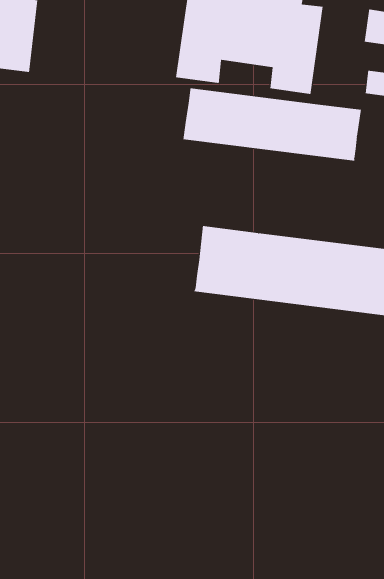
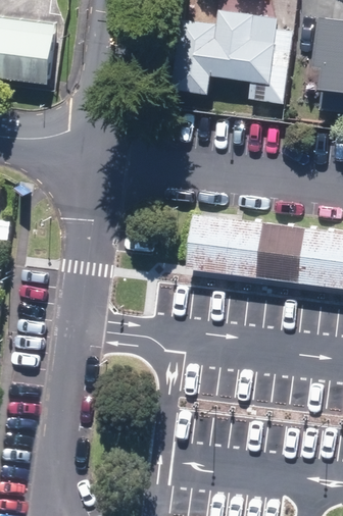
building: [183,88,361,162] -> none

